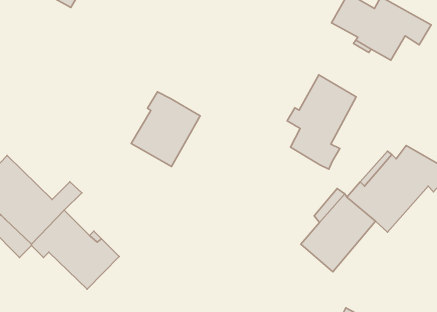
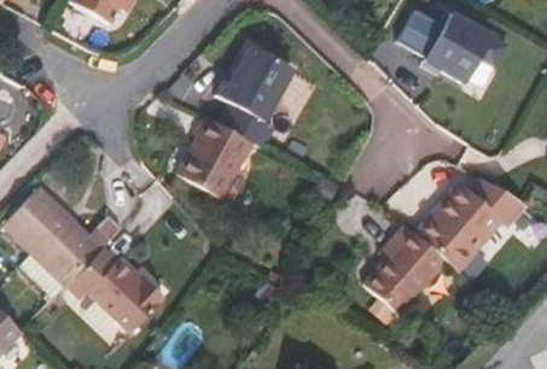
building: [287,75,356,169] -> [217,45,293,148]

